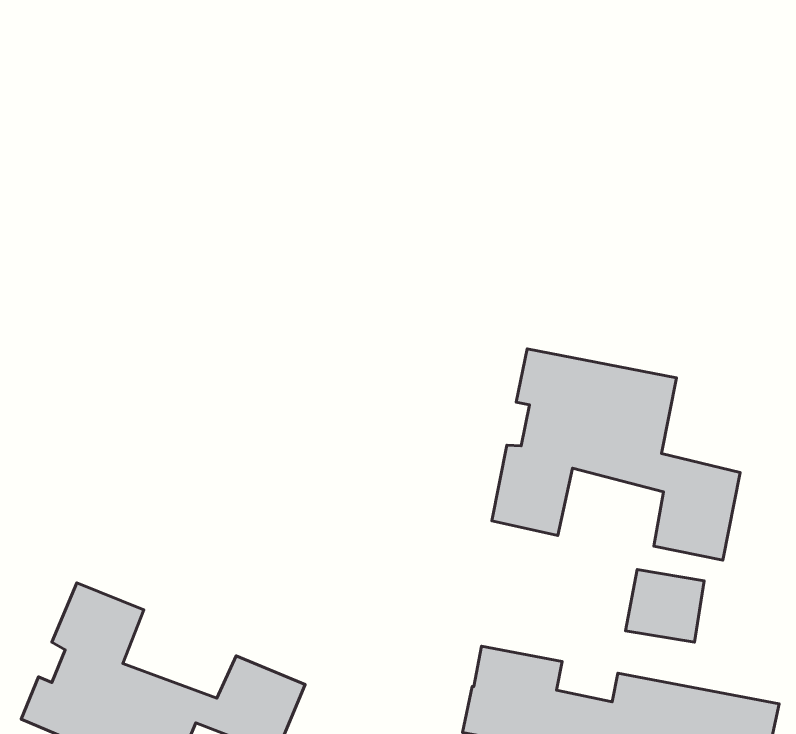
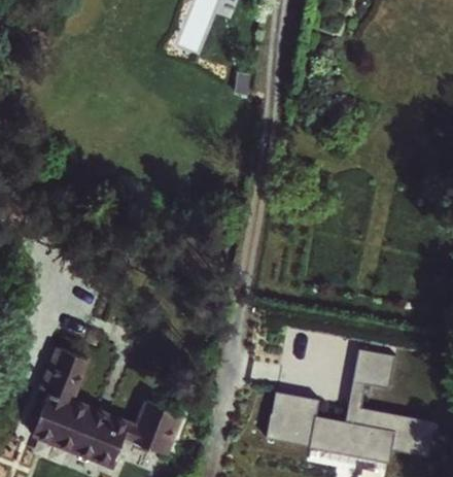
building: [492,349,740,560] -> none

